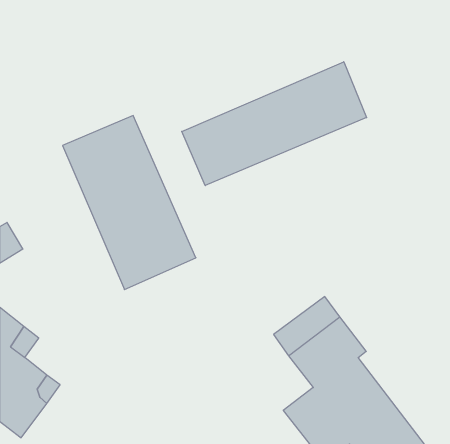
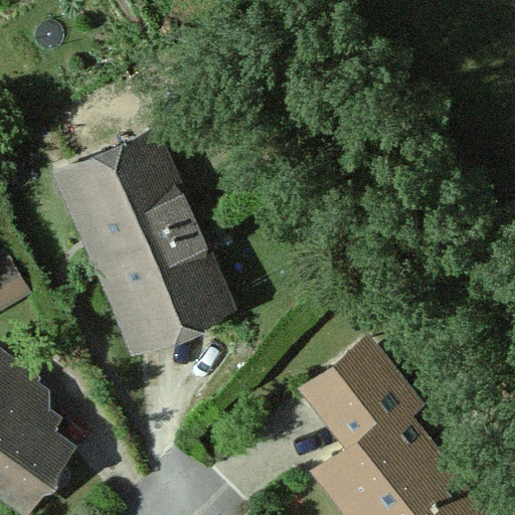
building: [182,62,367,186] -> none

